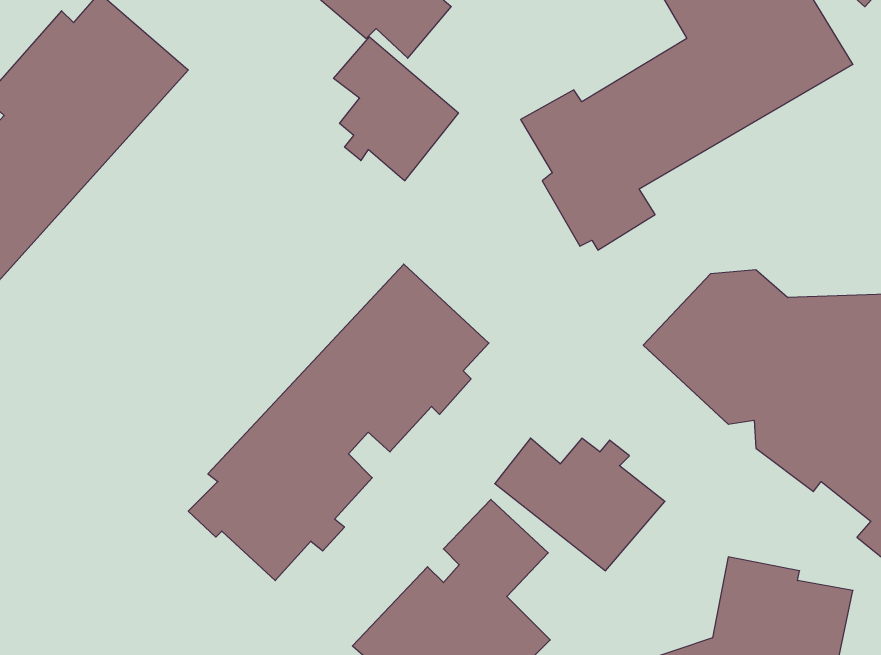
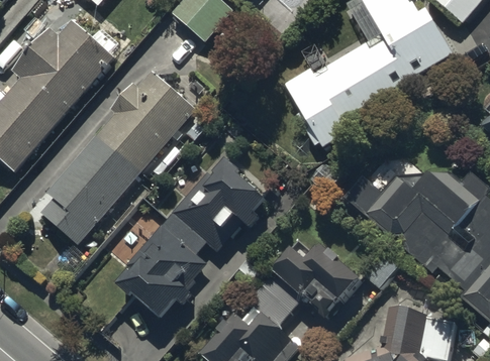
building: [334,37,458,181] -> none
building: none -> [37,70,195,246]

